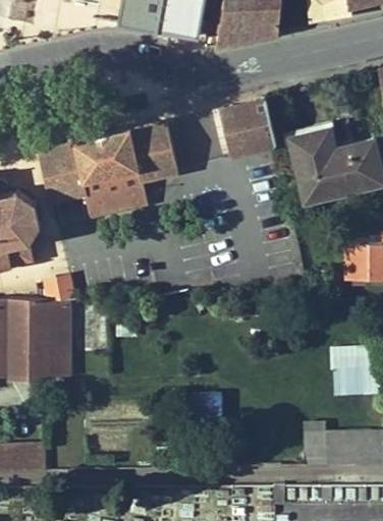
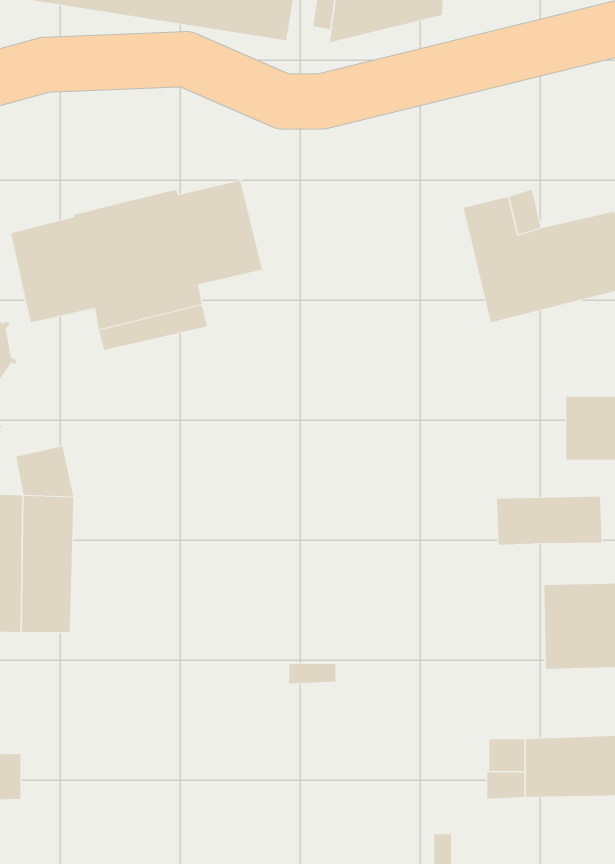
building: [220,97,277,155] -> none
building: none -> [496,496,602,545]

